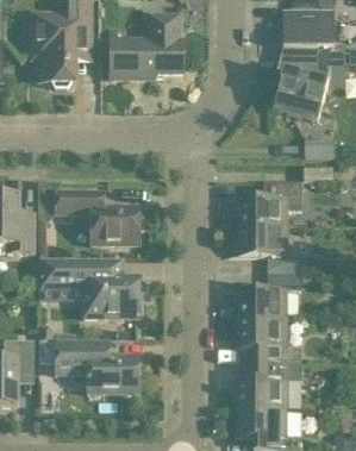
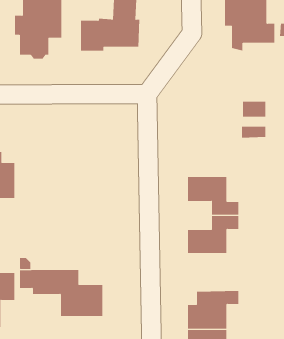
building: [273,69,343,121] -> none
building: [238,182,300,227] -> none
building: [54,193,138,245] -> none
building: [38,257,138,318] -> none
building: [238,319,300,364] -> none

